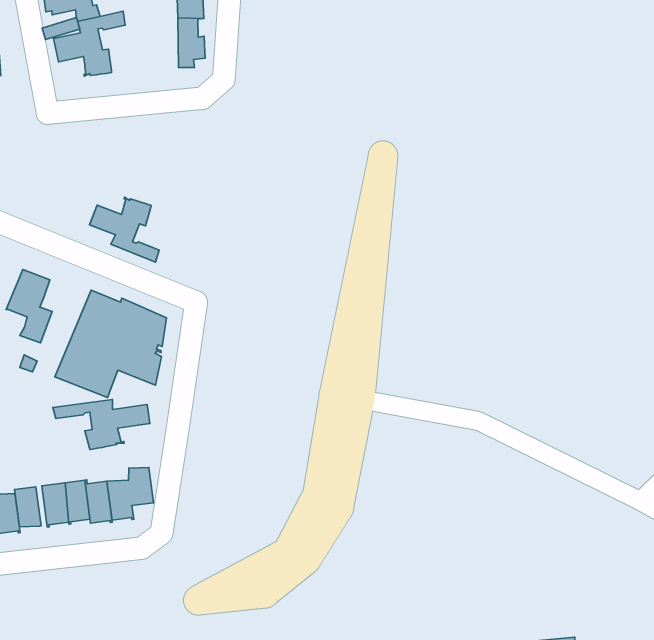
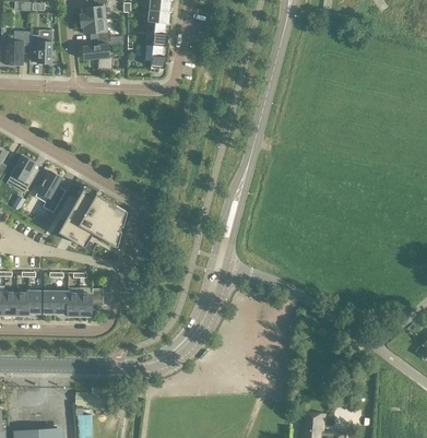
building: [89,197,159,262] -> none
building: [53,400,150,450] -> none

